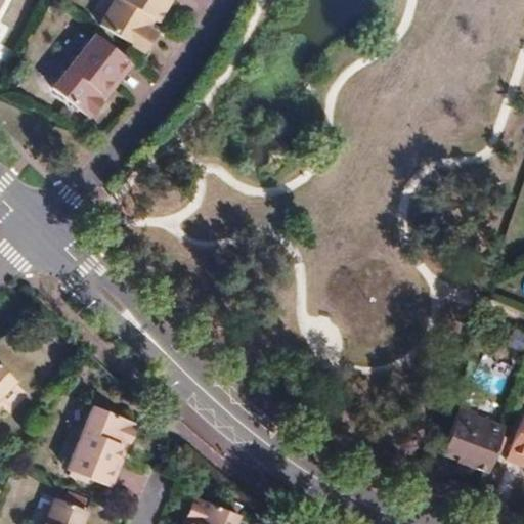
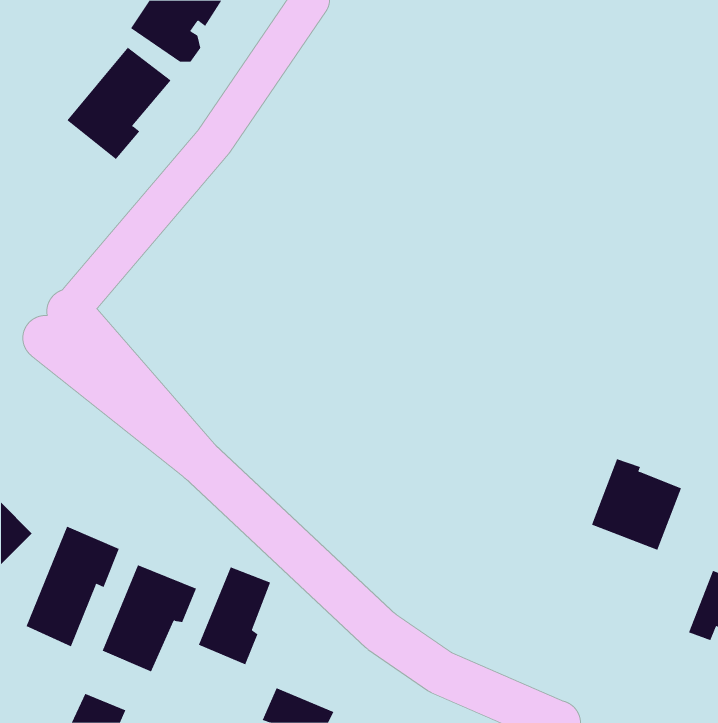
building: none -> [26,526,120,647]
building: [435,403,500,470] -> [591,458,682,550]
building: none -> [198,567,271,665]

